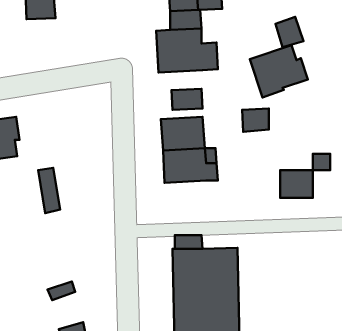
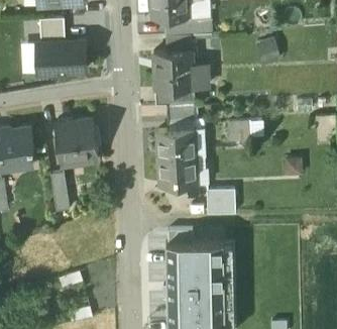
building: none -> [37,41,87,77]
building: [250,45,308,97] -> none
building: none -> [155,88,195,105]
building: none -> [55,118,98,161]
building: [280,170,313,198] -> [207,190,235,214]

